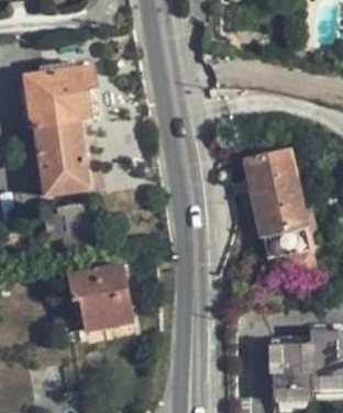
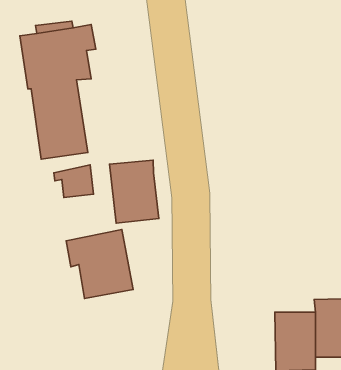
building: [246,149,317,275] -> none
building: none -> [109,160,159,223]

